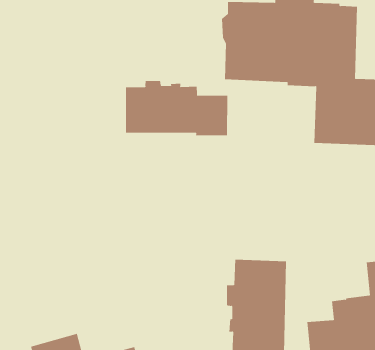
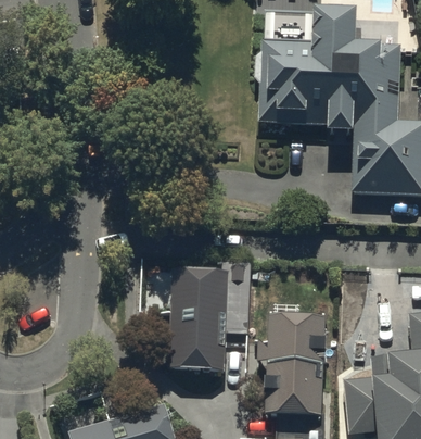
building: [125,80,228,136] -> none
building: none -> [140,261,252,369]

